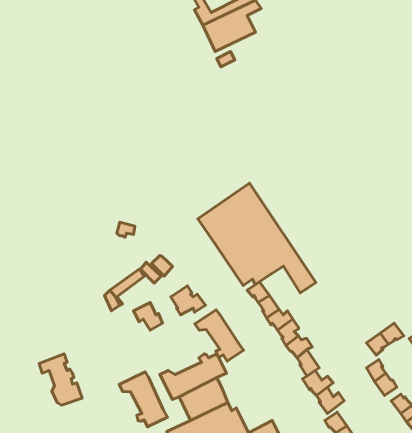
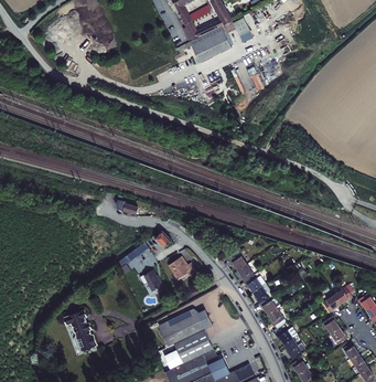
building: [198,183,316,293] -> none
building: [195,310,244,361] -> none
building: [119,372,168,427] -> none

